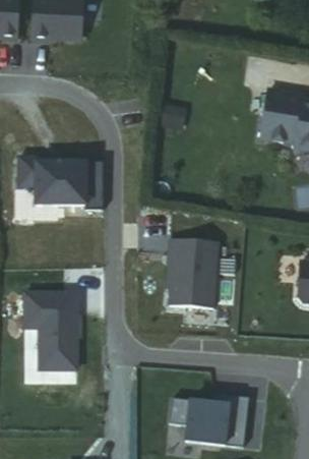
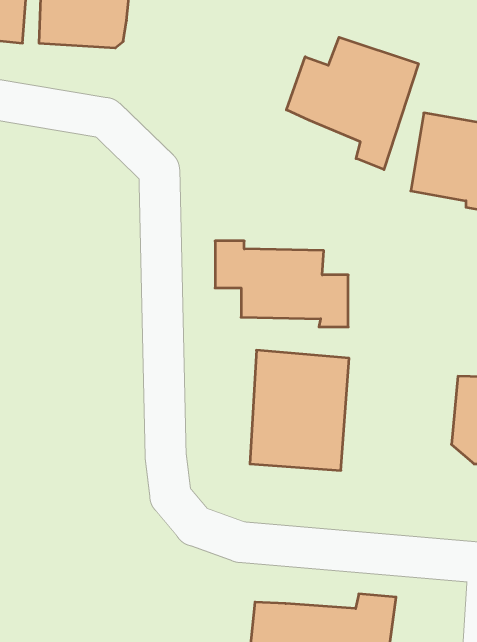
building: none -> [286,37,418,170]
building: [22,158,106,212] -> [215,241,348,327]
building: [24,296,77,371] -> none

